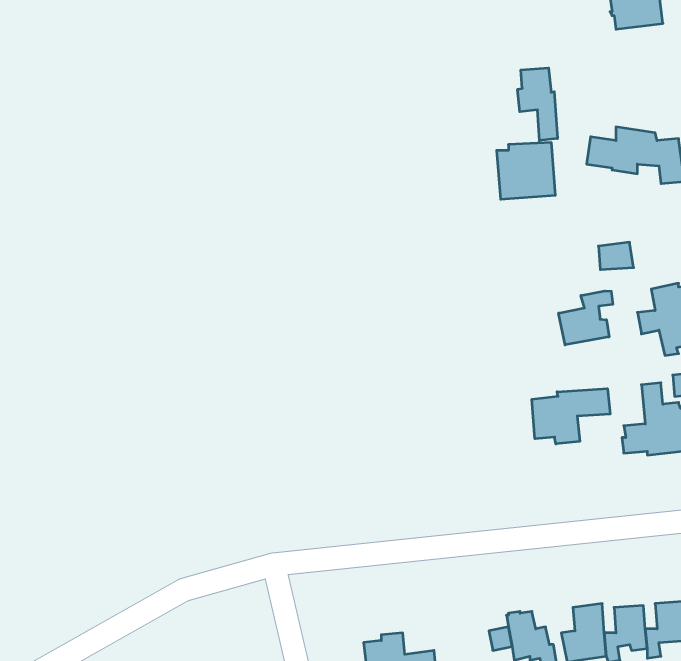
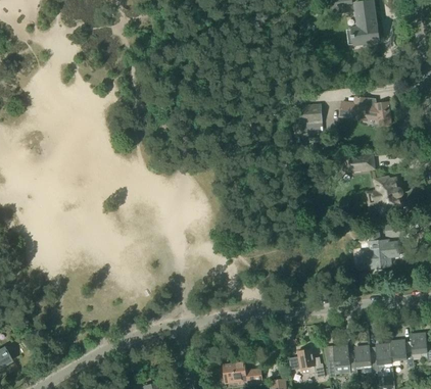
building: [518,68,557,141] -> none
building: [559,291,613,345] -> none
building: [532,389,610,444] -> none

